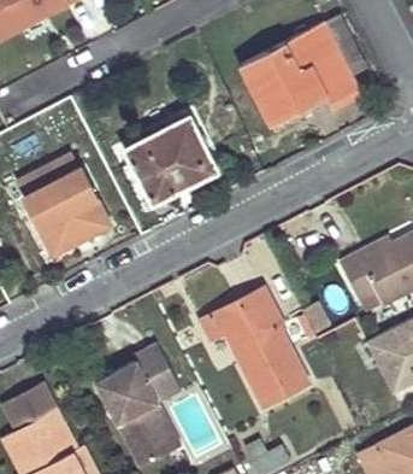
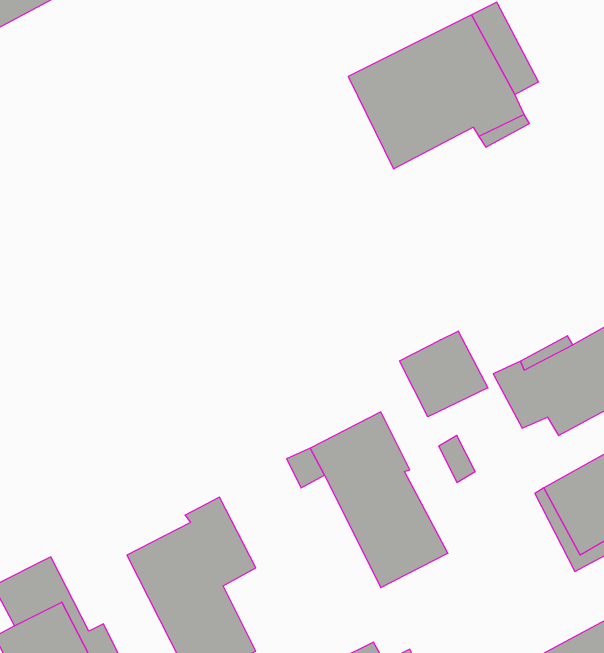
building: [125,117,214,204] -> none
building: [17,154,108,254] -> none
building: none -> [400,331,488,417]

